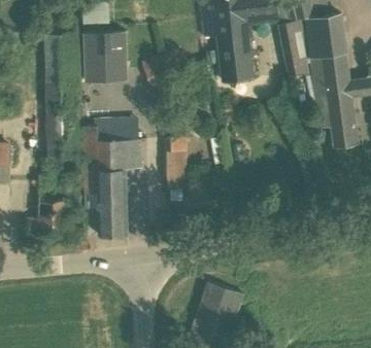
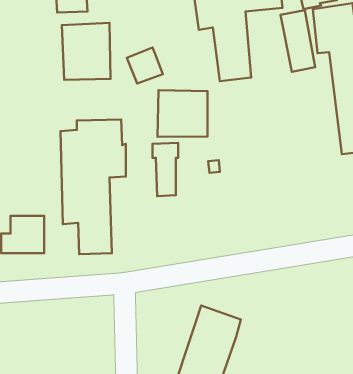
building: none -> [158,90,208,137]

